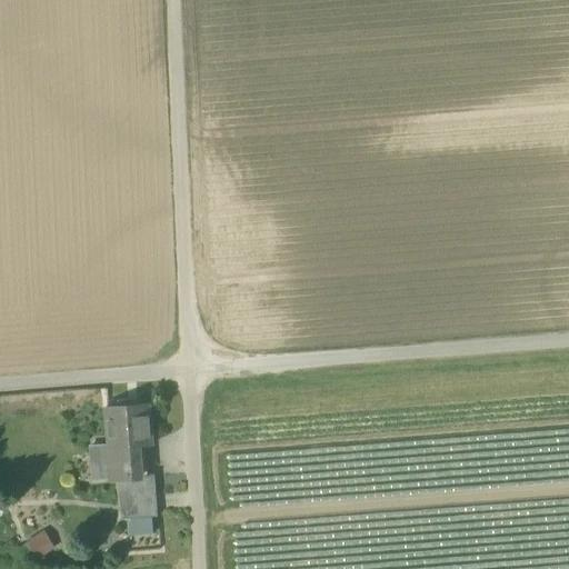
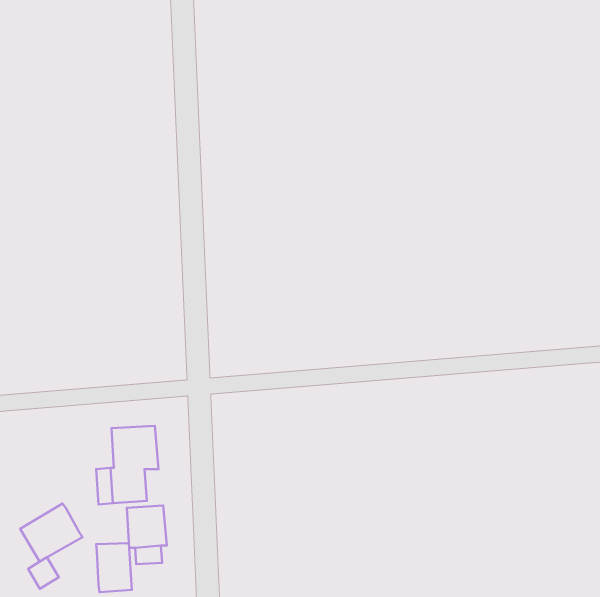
building: none -> [20,503,83,561]
building: none -> [96,543,132,592]

